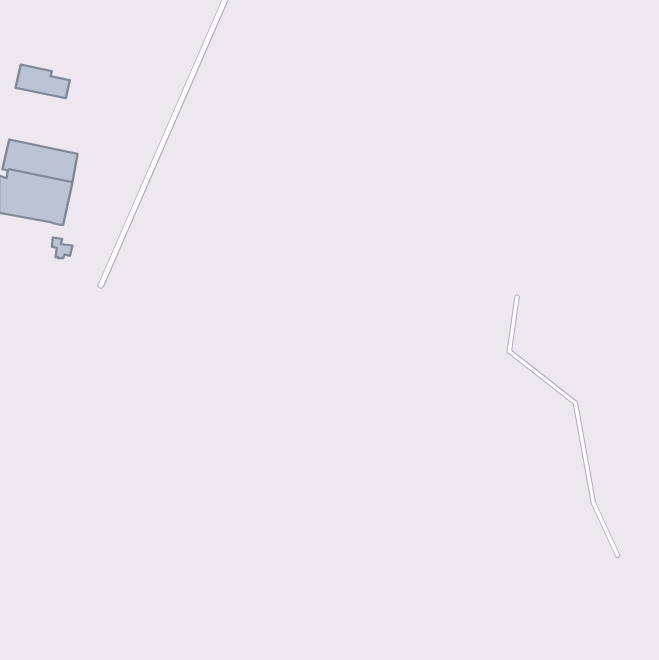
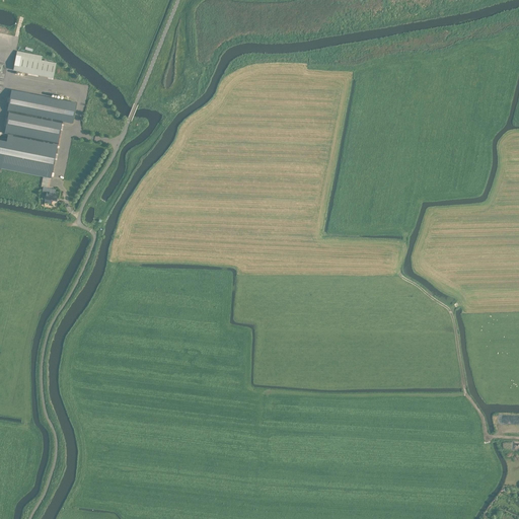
building: none -> [6,89,75,123]

